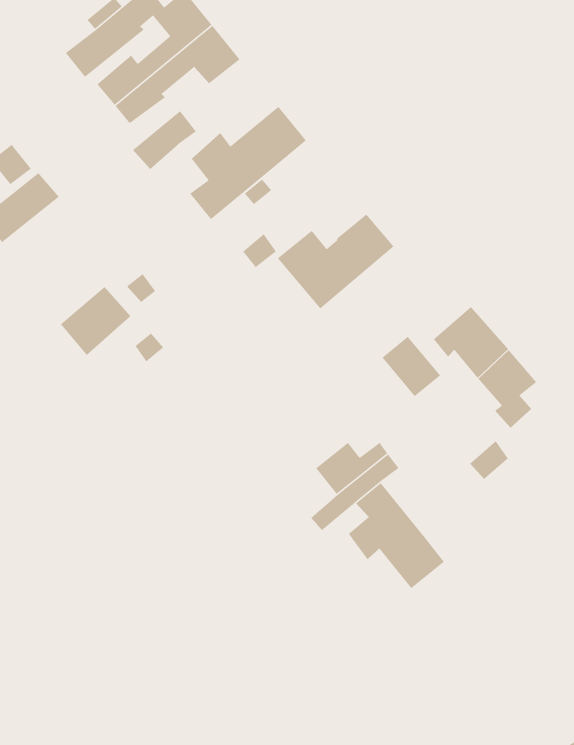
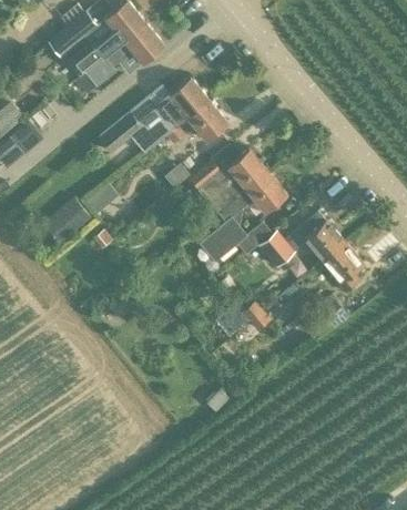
building: [132,110,197,170] -> [99,112,142,152]
building: none -> [189,100,227,140]
building: none -> [199,171,286,262]
building: [348,482,445,589] -> none

